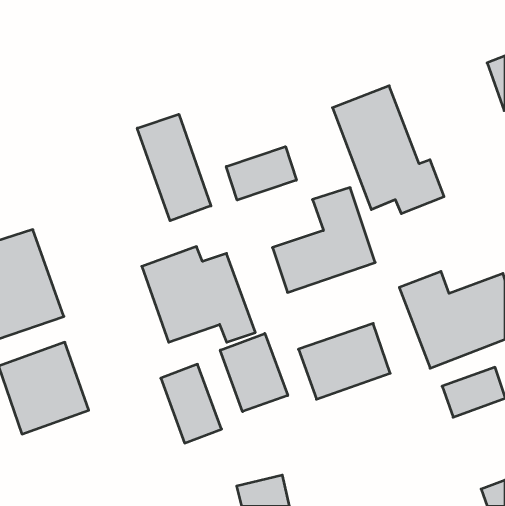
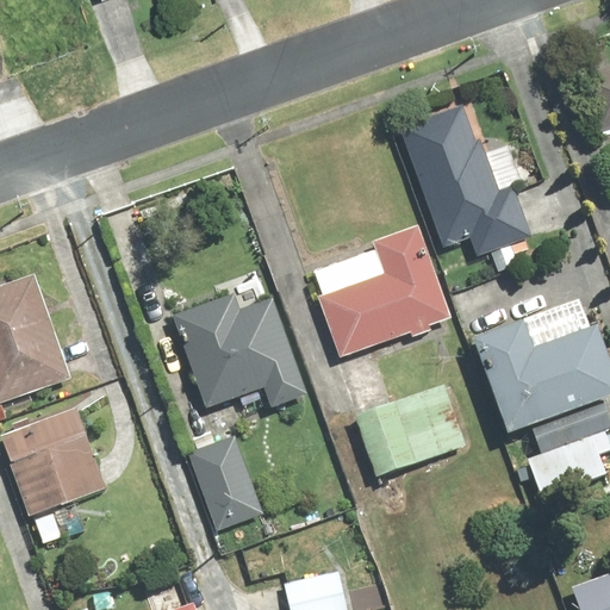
building: [137,114,211,221] -> none
building: [226,147,296,200] -> none
building: [220,333,288,412] -> none

